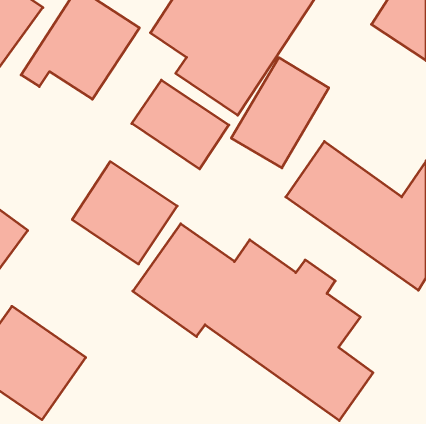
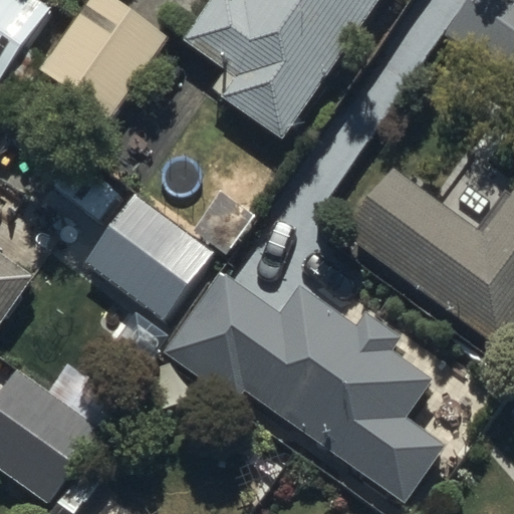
building: [231,58,329,168] -> none
building: [132,80,229,169] -> none

